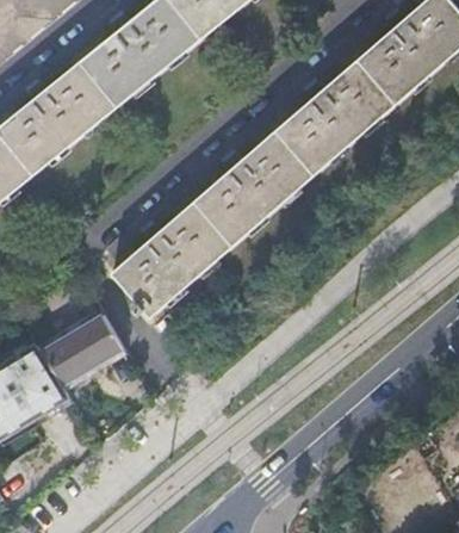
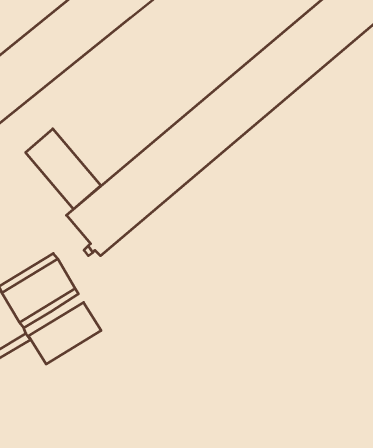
building: none -> [26,129,101,209]
building: none -> [29,302,101,364]

